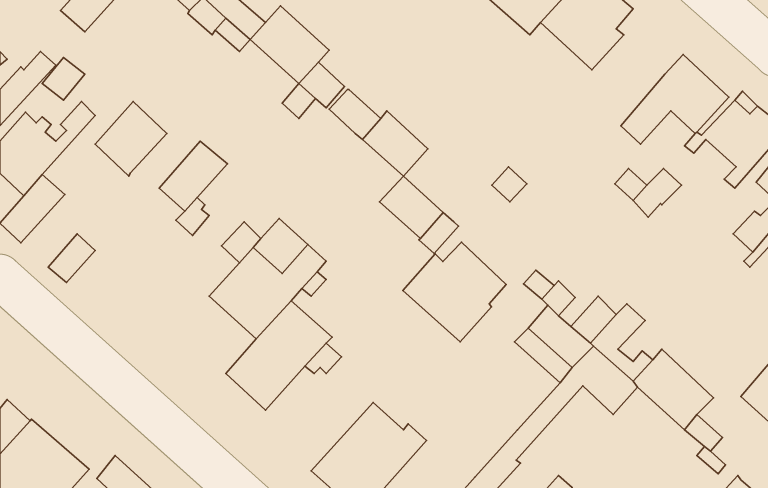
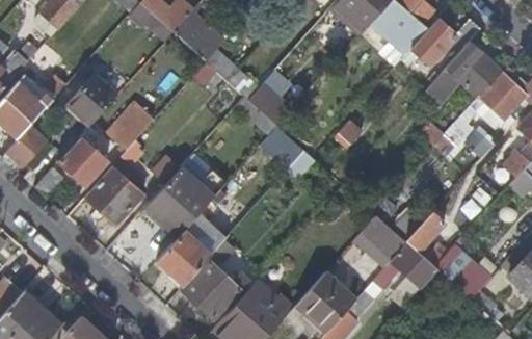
building: none -> [400,18,481,66]
building: none -> [57,123,107,185]
building: none -> [84,166,142,225]
building: [403,242,506,342] -> none
building: none -> [182,260,240,318]
building: none -> [295,271,355,331]

